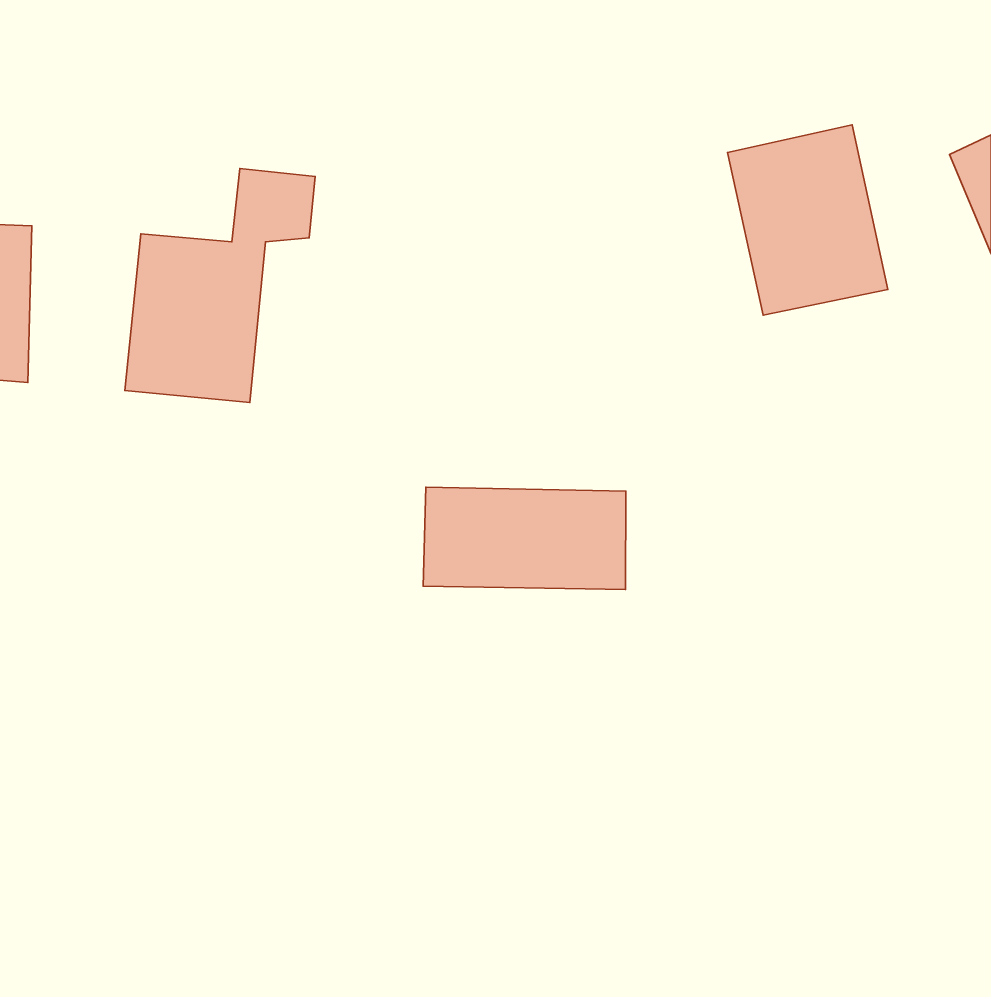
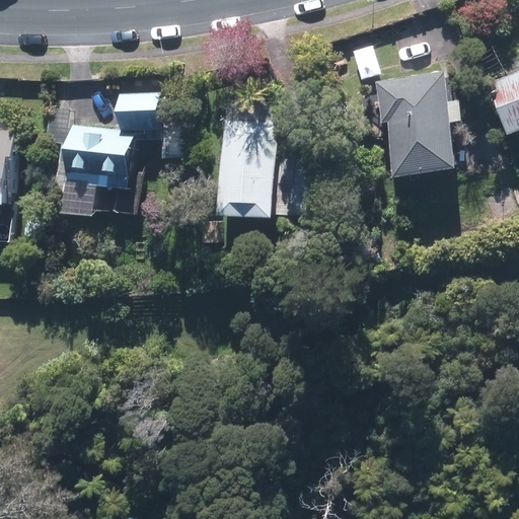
building: none -> [219,99,279,217]
building: [423,487,626,590] -> none

